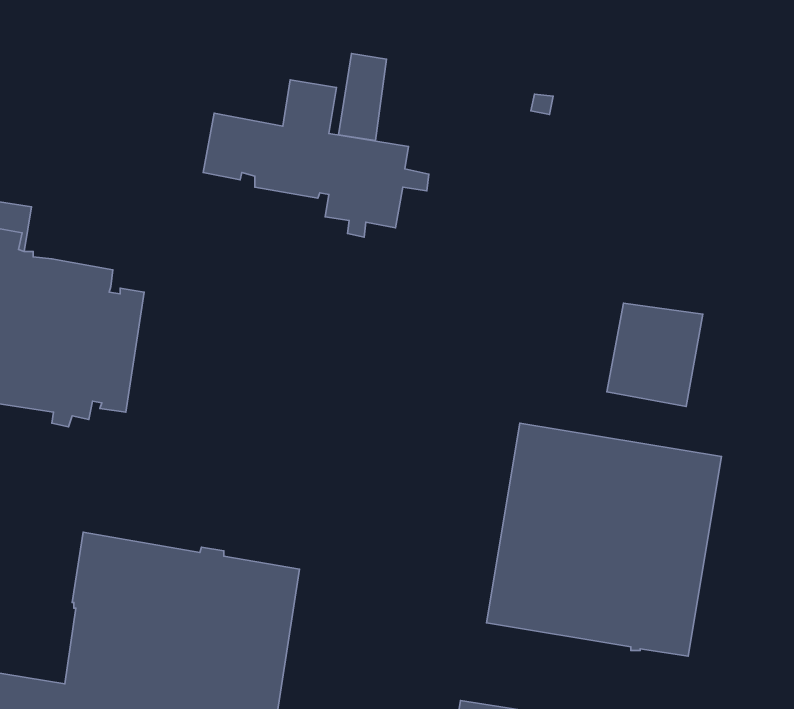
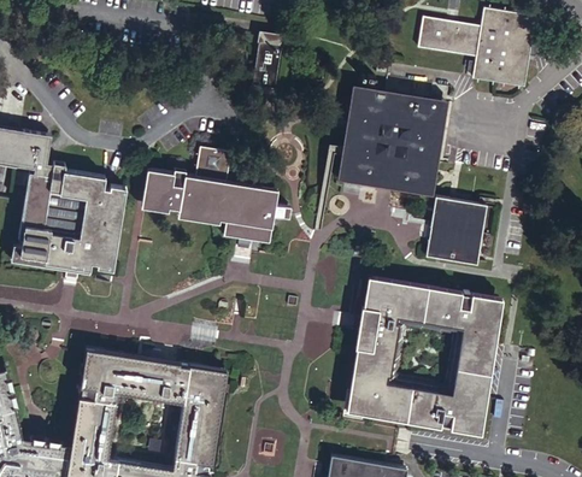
building: none -> [419,8,537,87]
building: [203,80,429,237] -> [143,147,290,249]
building: none -> [340,88,446,195]

